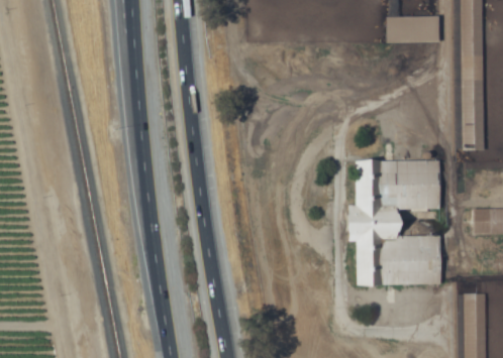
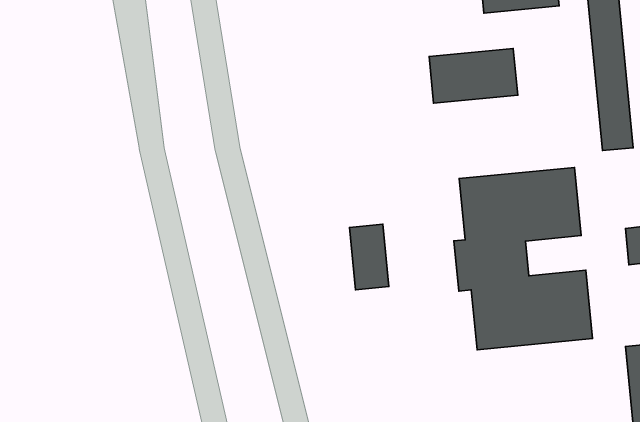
building: none -> [429,48,518,103]
building: none -> [350,224,389,290]

